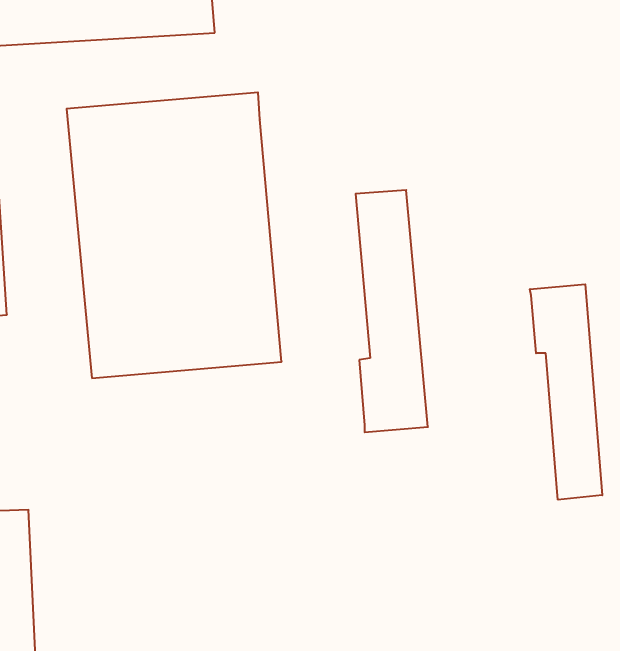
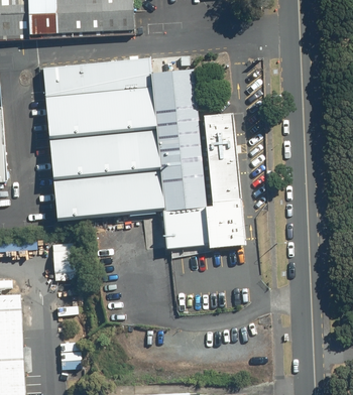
building: none -> [151,70,210,248]
building: [530,284,602,500] -> none

